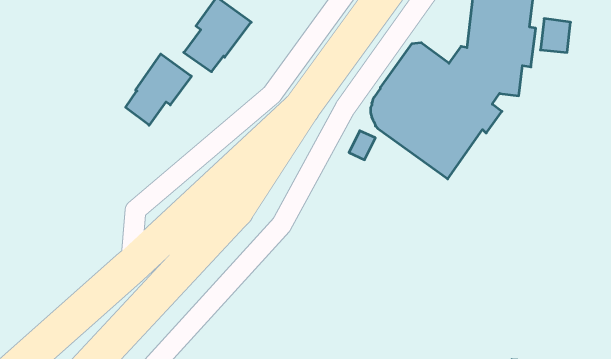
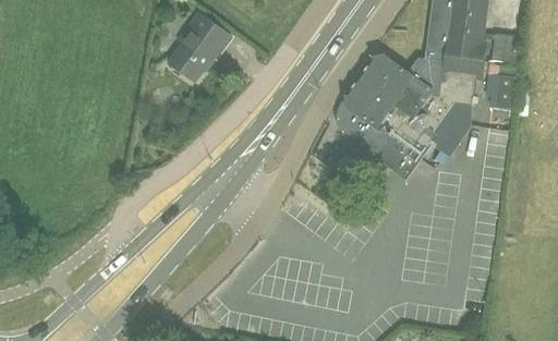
building: [126,54,191,125] -> none
building: none -> [496,72,517,107]

